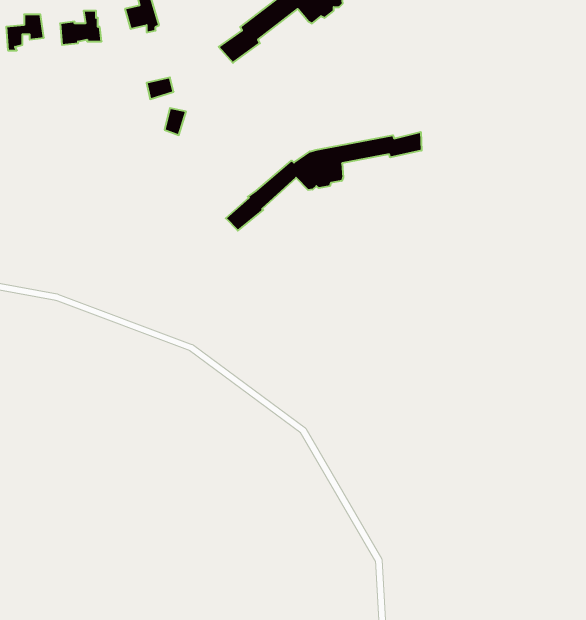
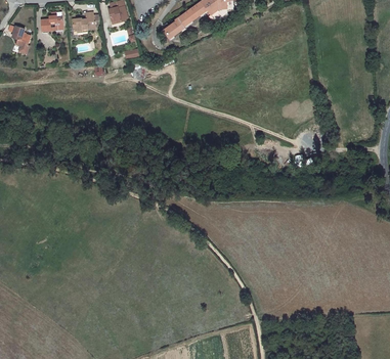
building: [226,132,422,231] -> none

